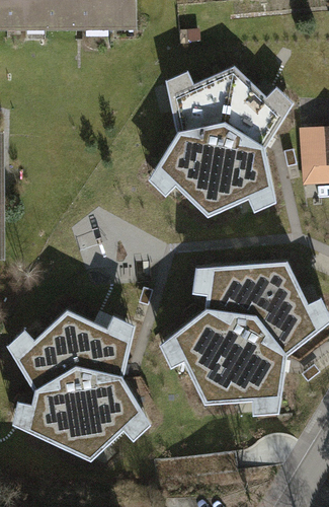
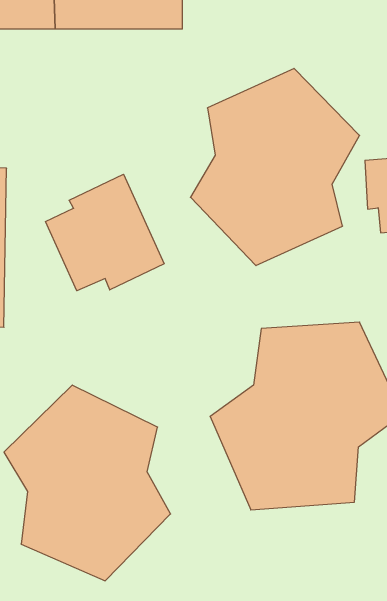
building: none -> [46,174,164,291]

